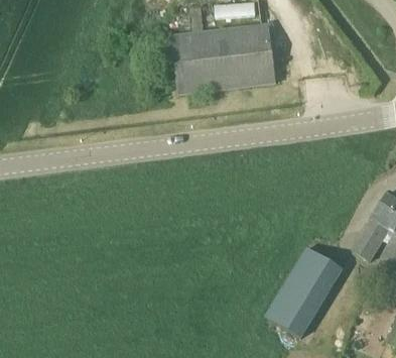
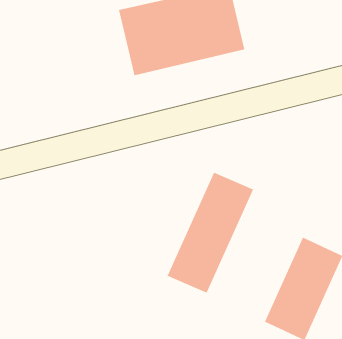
building: none -> [167,172,254,294]

